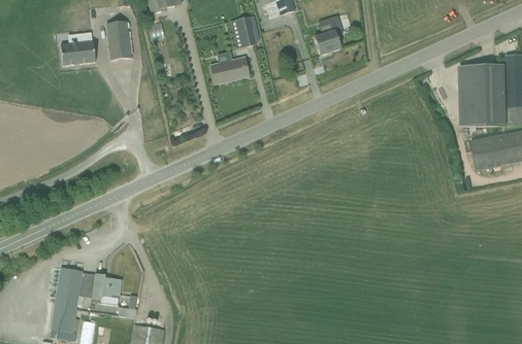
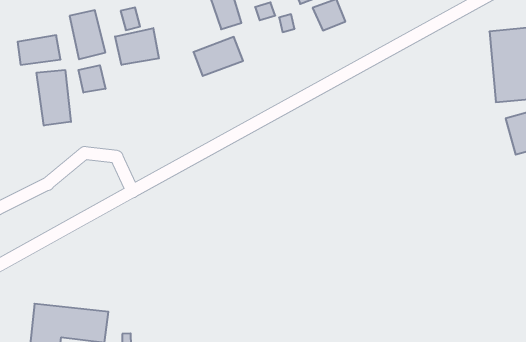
building: none -> [115,28,159,65]
building: none -> [78,65,105,93]
building: none -> [37,70,71,126]

